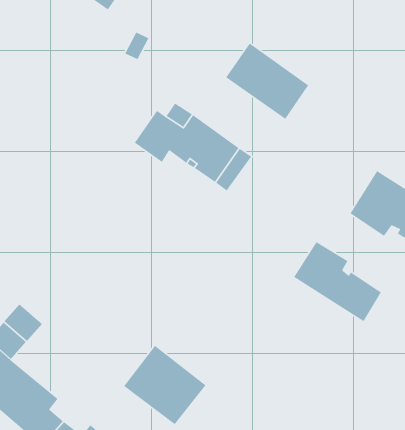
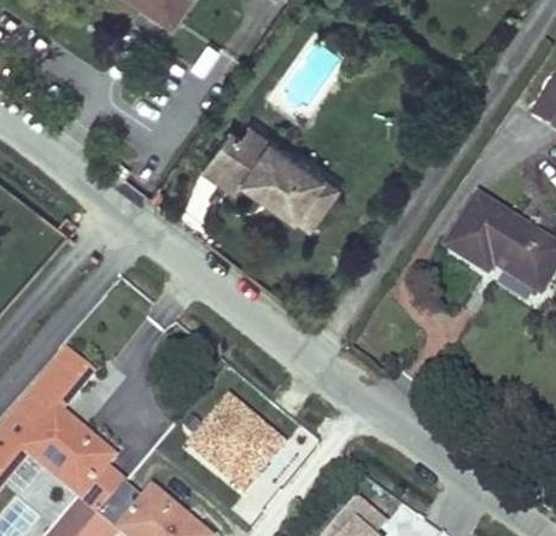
building: [225,43,309,120] -> none
building: [293,241,382,322] -> none

